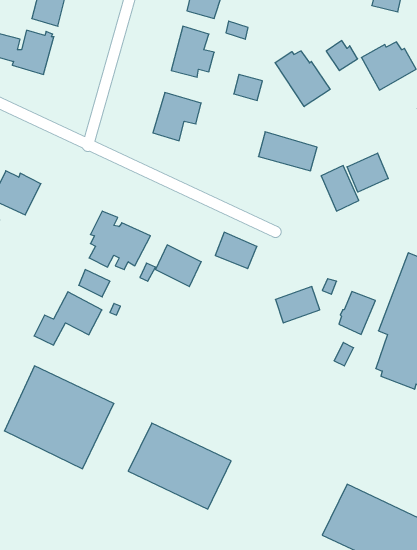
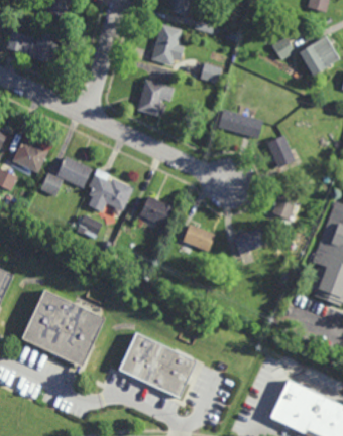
building: [275,51,330,107] -> none
building: [347,153,388,192] -> none
building: [215,232,257,269] -> [182,223,214,251]
building: [339,292,375,334] -> [271,186,300,220]
building: [34,292,102,345] -> [39,154,92,195]

